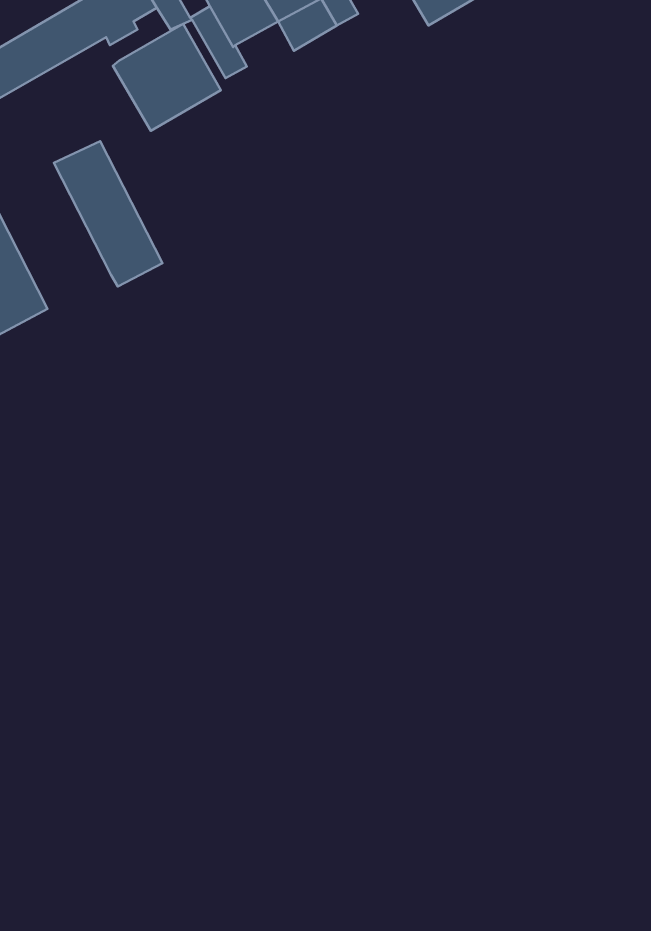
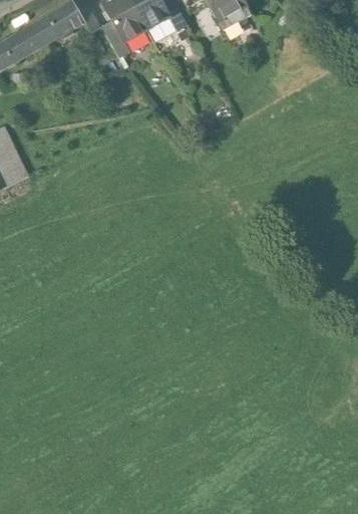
building: [113,24,221,131] -> none
building: [54,141,163,287] -> none

